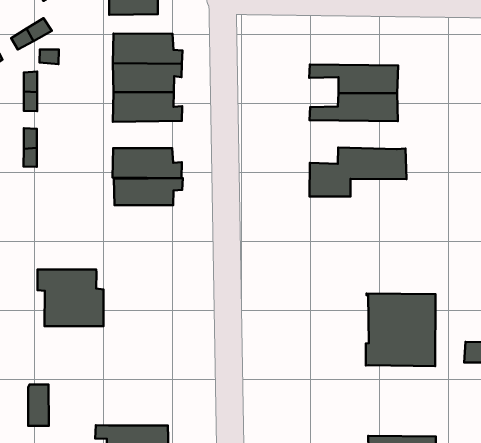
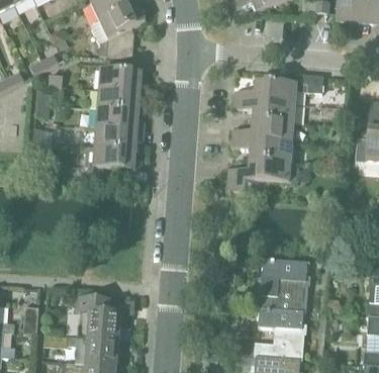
building: none -> [234,73,323,104]
building: none -> [230,137,292,162]
building: [114,178,183,205] -> [95,128,144,150]
building: [37,270,104,326] -> [75,298,120,341]
building: none -> [242,309,305,362]

